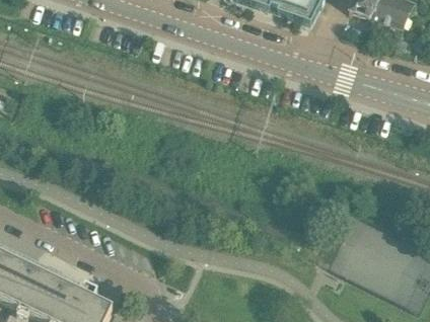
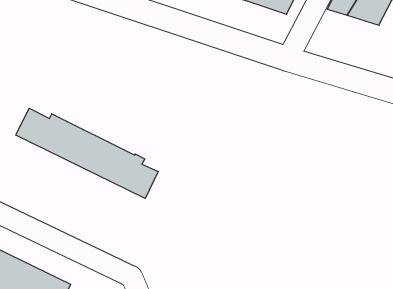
building: none -> [16,108,158,198]

